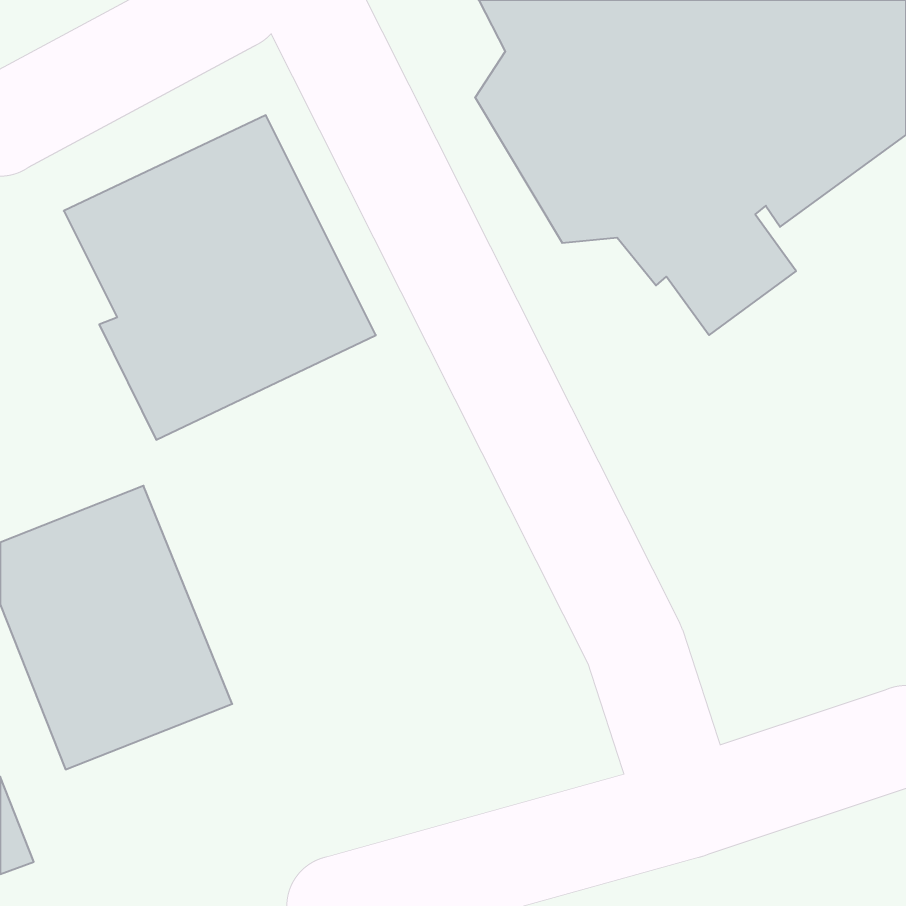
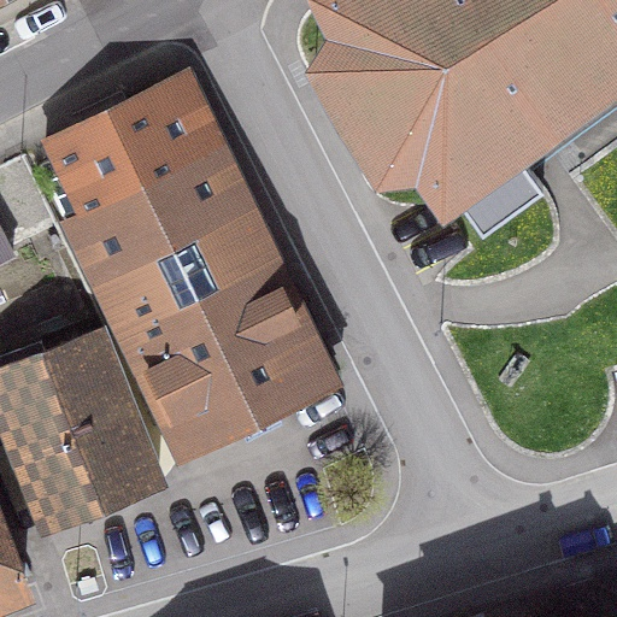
building: none -> [106,228,330,451]

